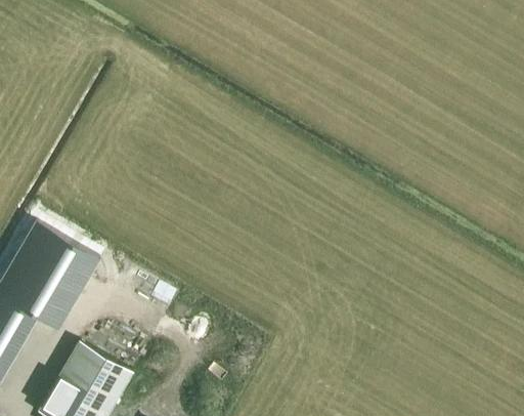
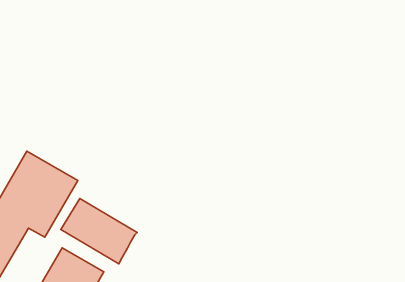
building: none -> [61,199,137,264]

